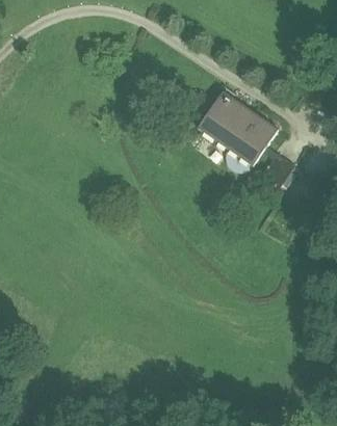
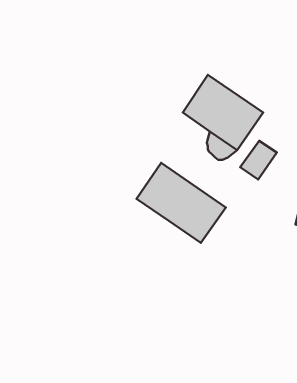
building: none -> [137,163,226,243]

